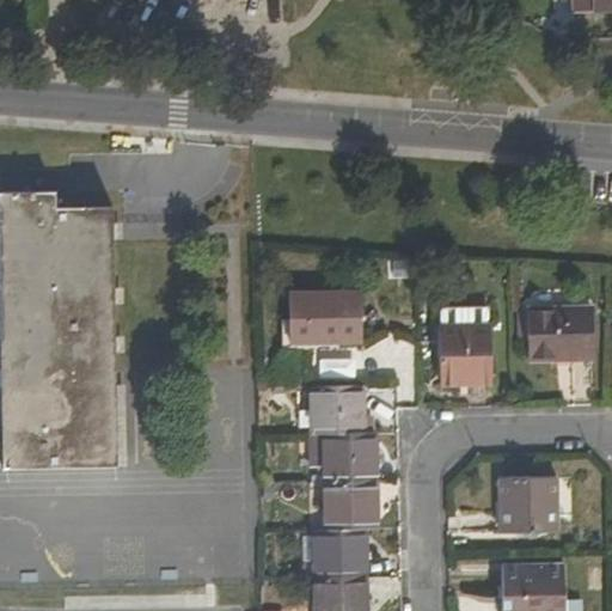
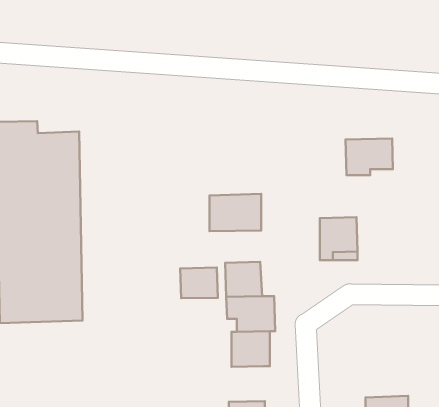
building: [527,307,592,358] -> [346,139,393,175]
building: none -> [180,268,218,298]
building: [500,477,557,531] -> none
building: [314,526,365,575] -> none

